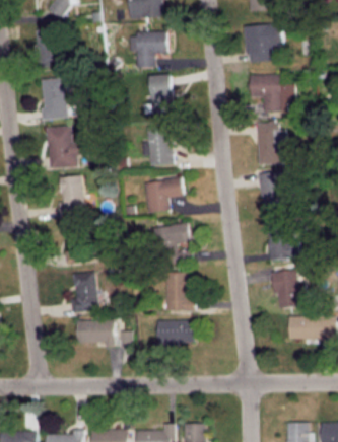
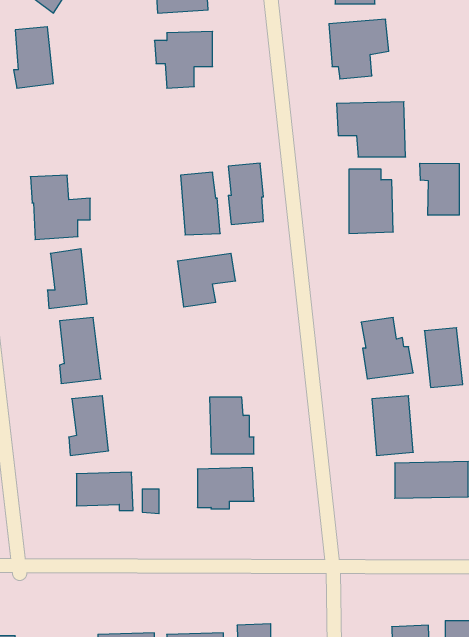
building: [148,73,172,114] -> [228,163,263,224]
building: [40,77,67,121] -> none
building: none -> [420,163,459,215]
building: [258,174,283,214] -> [424,328,463,387]
building: [154,227,191,264] -> none

